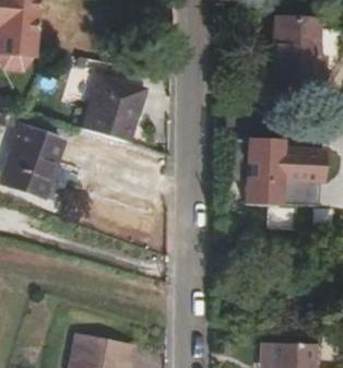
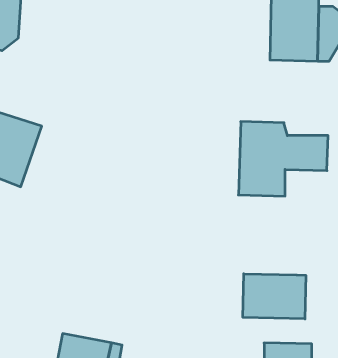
building: [84,76,143,144] -> none
building: none -> [243,274,306,319]

